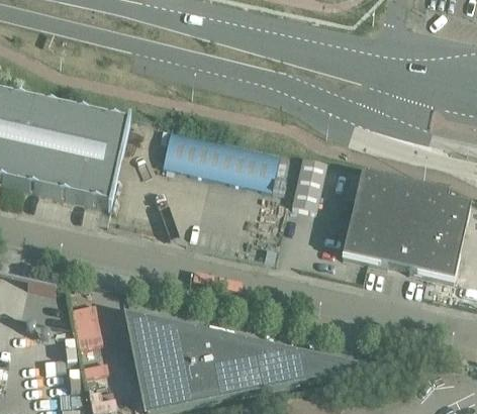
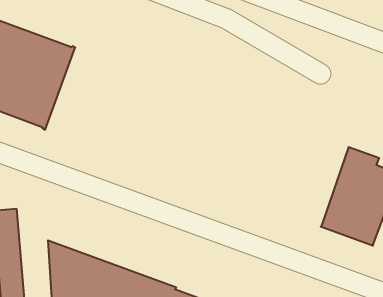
building: [163,130,279,190] -> none
building: [295,157,324,208] -> none
building: [342,174,415,269] -> none

